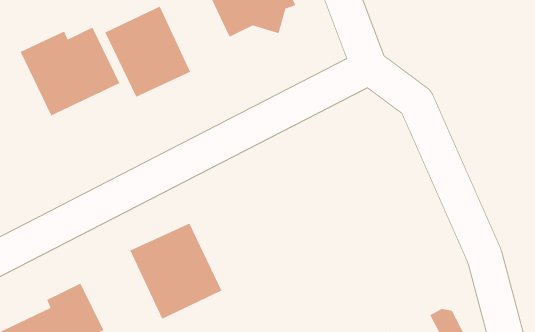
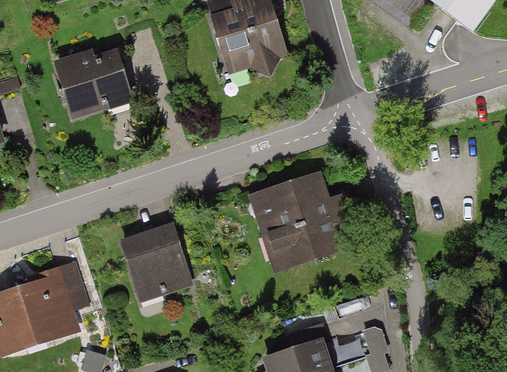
building: [104,6,191,98] -> none
building: none -> [248,170,358,272]

